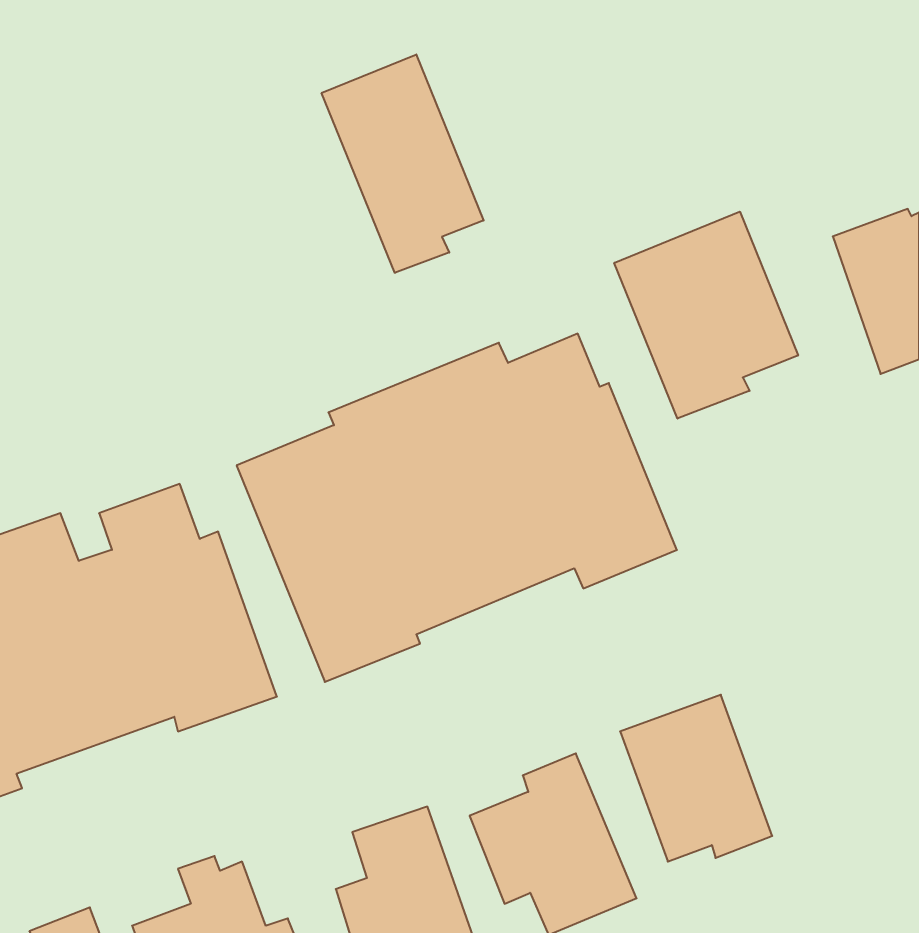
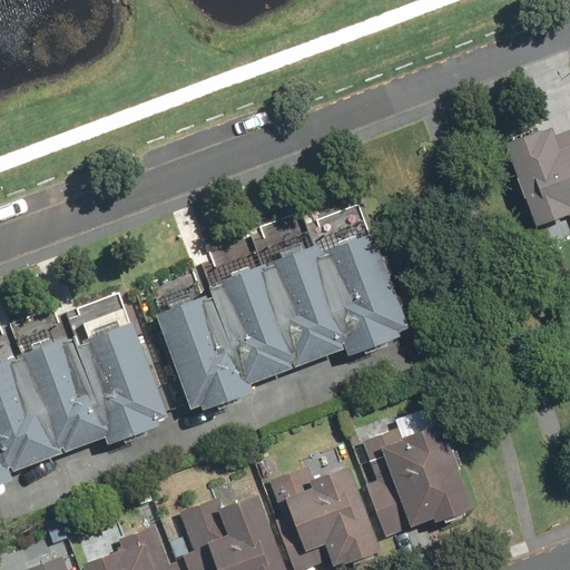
building: [322,54,484,273] -> none
building: [614,212,798,419] -> none

